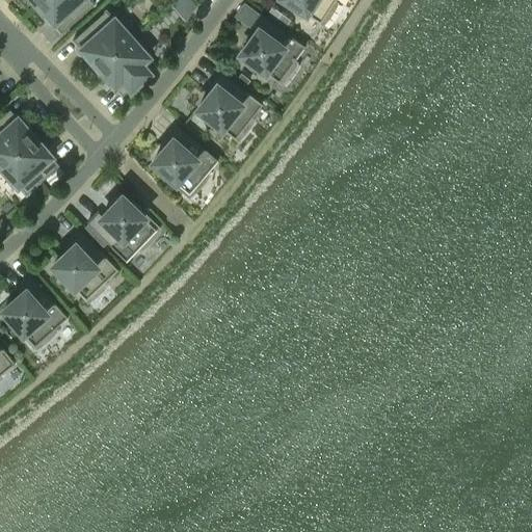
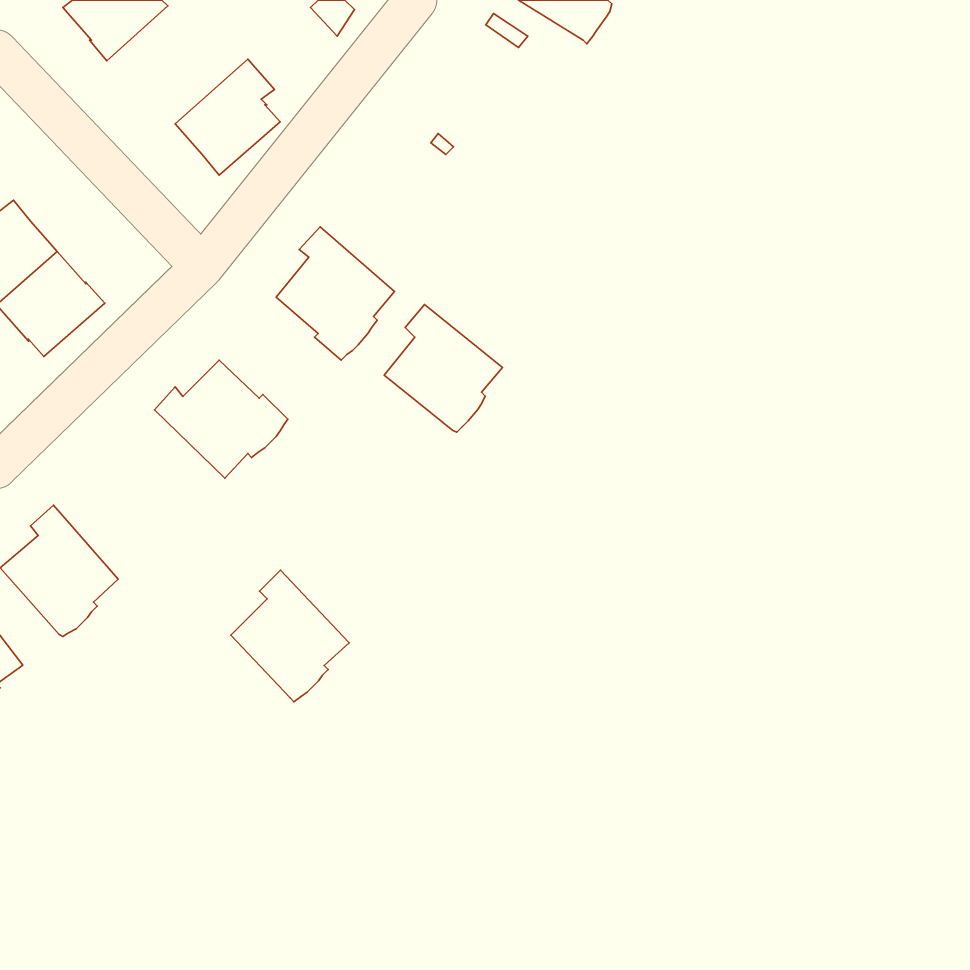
building: [70,12,135,70] -> none
building: [238,16,302,85] -> none
building: [195,72,260,141] -> [384,305,502,432]
building: [51,232,115,303] -> [231,570,349,702]

